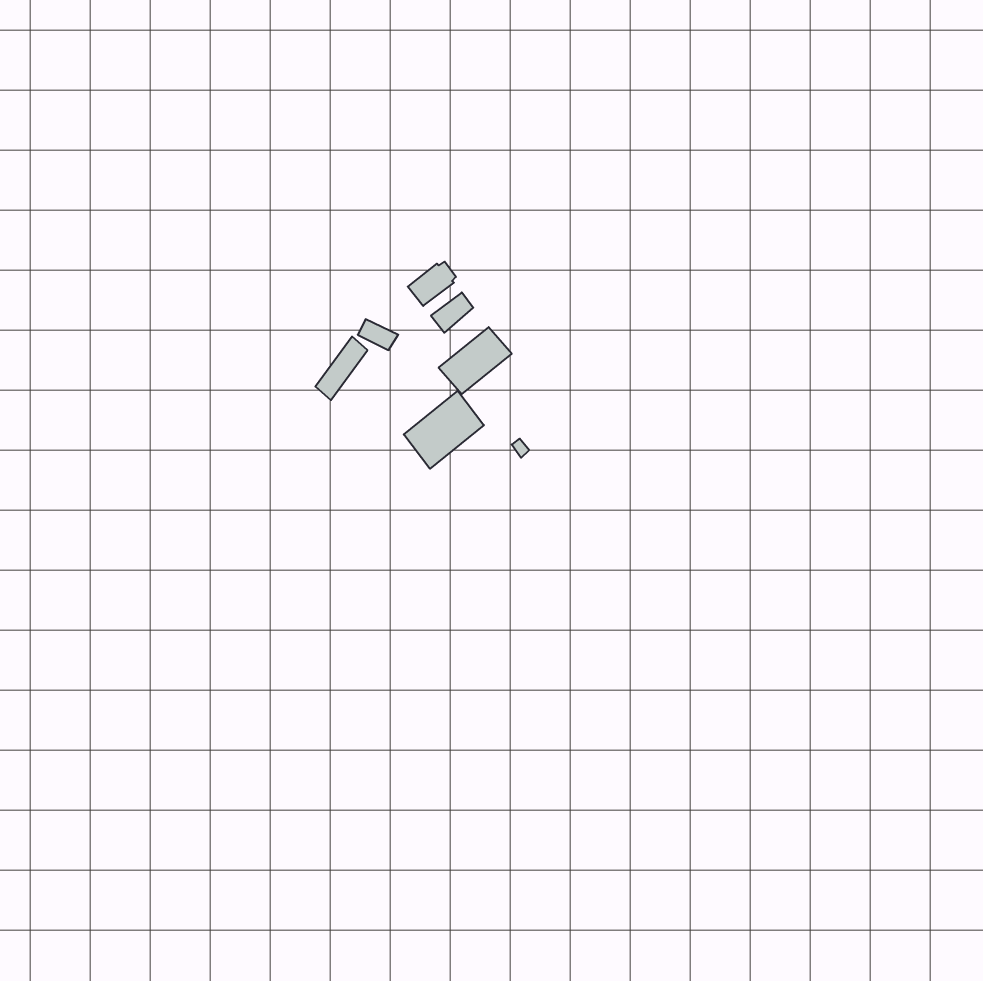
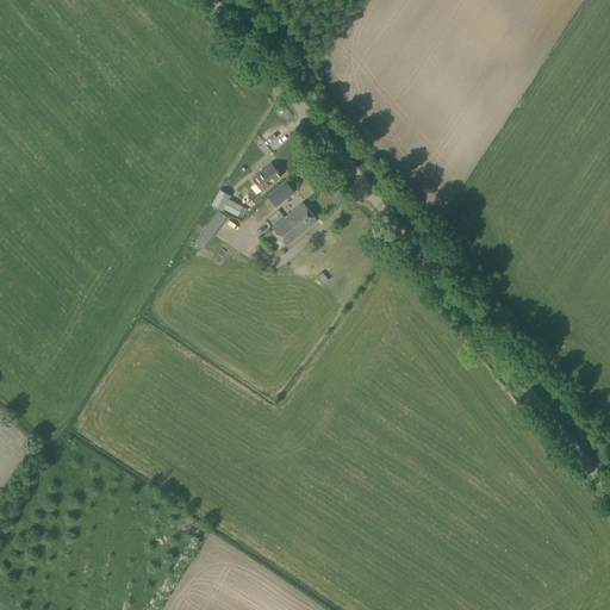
building: [404,391,484,469] -> none

